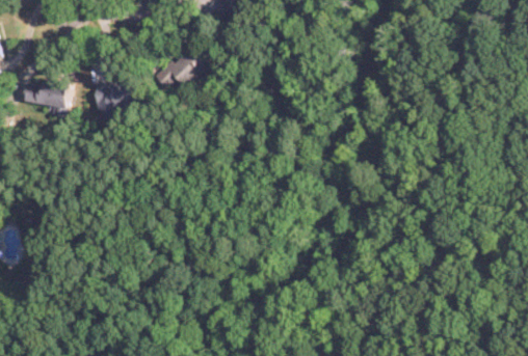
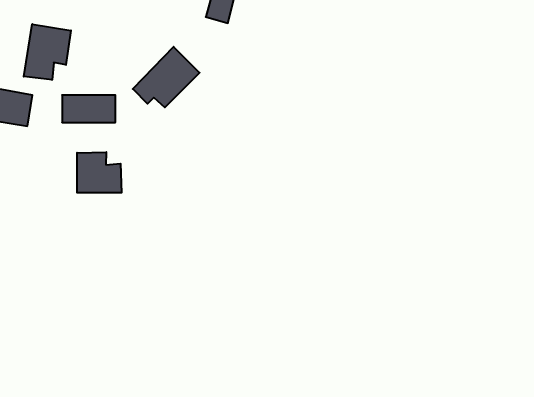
building: none -> [24,24,71,80]
building: none -> [77,152,122,193]

